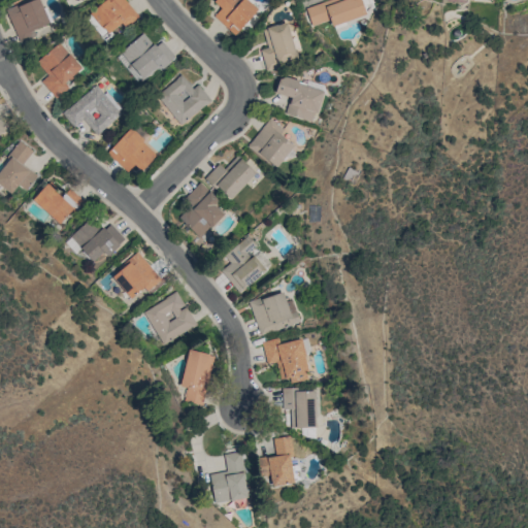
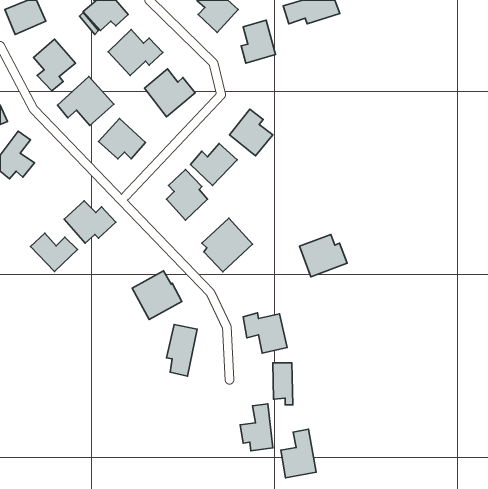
building: [275,78,324,122] -> none
building: [33,184,84,225] -> [30,233,77,272]
building: [111,253,161,299] -> none
building: [249,290,300,335] -> [299,235,347,277]
building: [210,451,249,503] -> [281,429,316,478]

